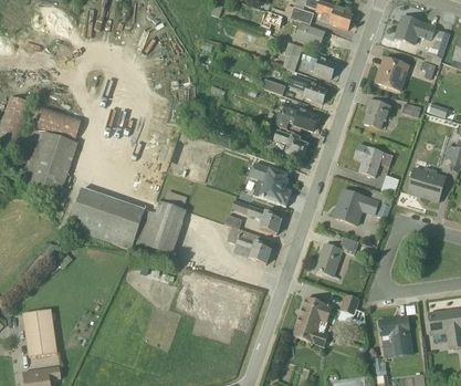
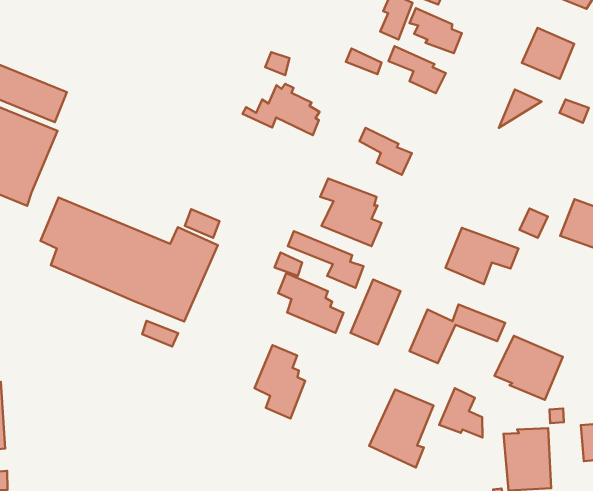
building: [266,100,316,132] -> [242,84,319,135]
building: [355,143,392,176] -> none
building: none -> [350,280,400,344]
building: none -> [494,336,563,400]
building: none -> [255,345,305,418]

